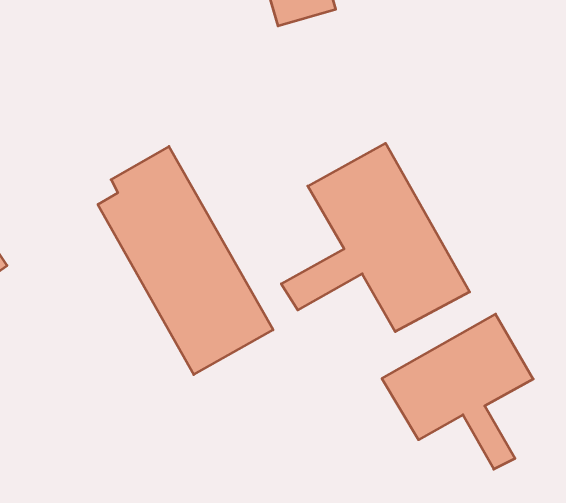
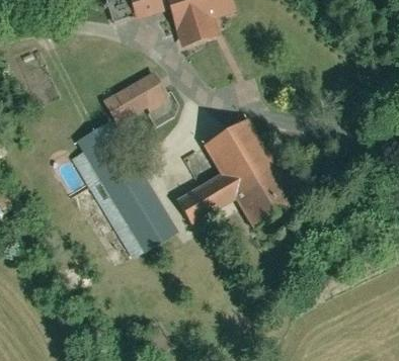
building: none -> [104,72,167,119]
building: [382,314,533,469] -> none

